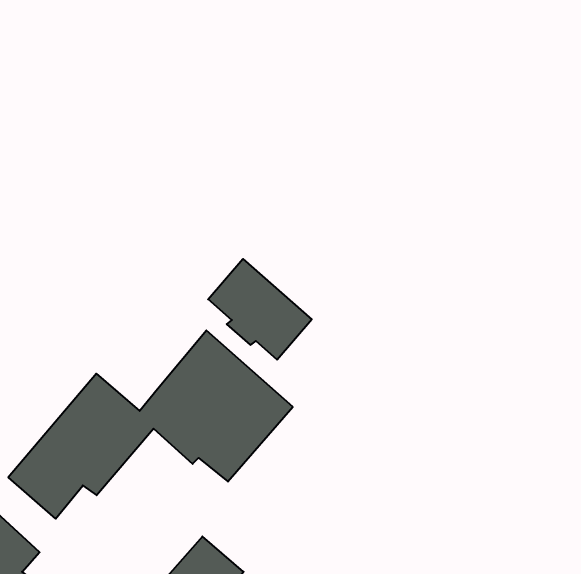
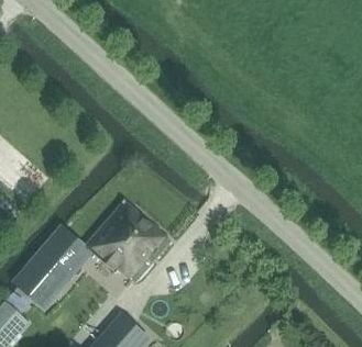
building: [208,259,312,360] -> none

